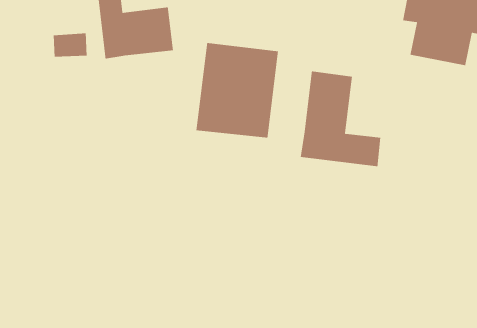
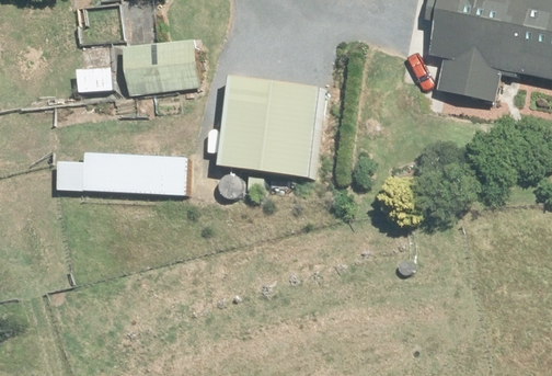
building: [300,71,381,167] -> none
building: none -> [58,153,187,193]

